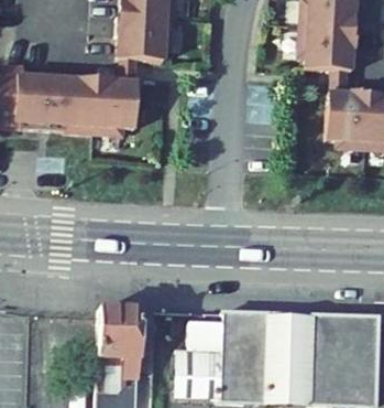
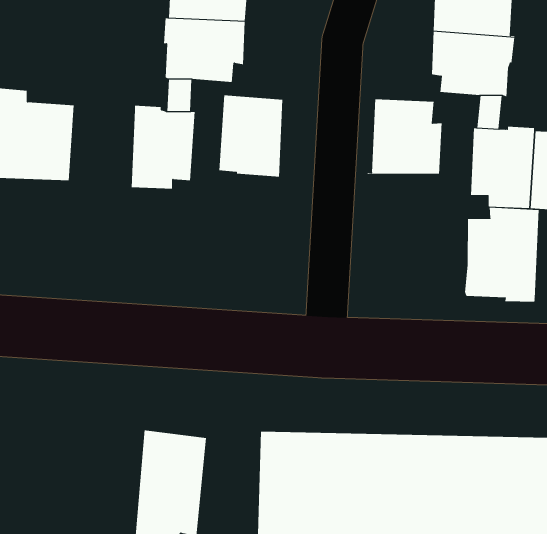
building: none -> [367,98,442,175]
building: [54,80,98,137] -> [219,95,283,177]
building: none -> [465,207,539,303]

